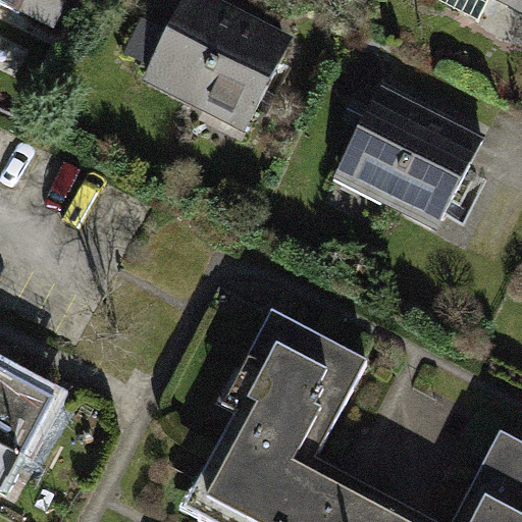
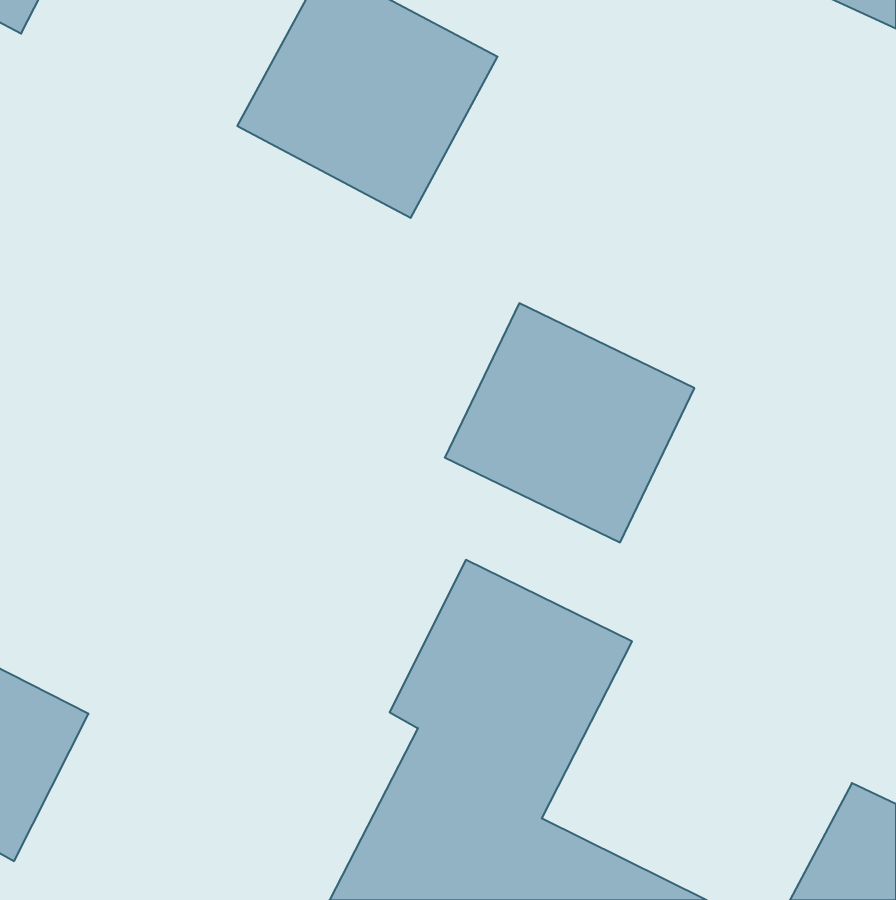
building: [337,90,481,227] -> [445,303,694,542]

